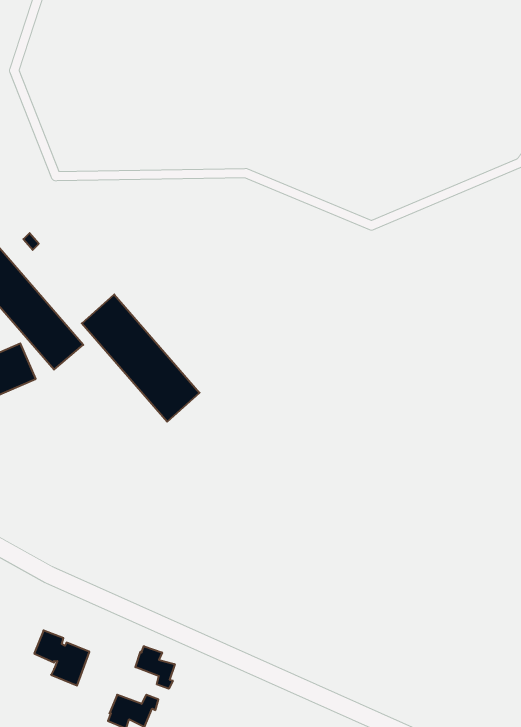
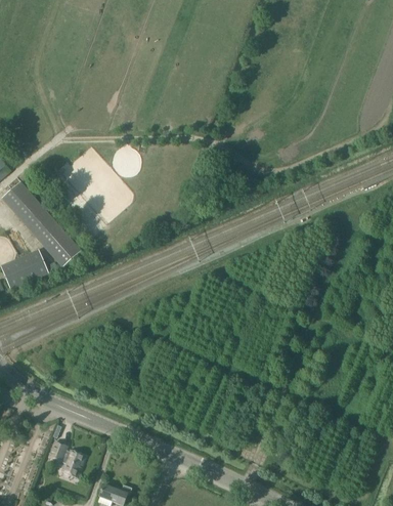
building: [82,294,200,422] -> none
building: [135,646,175,689] -> none

